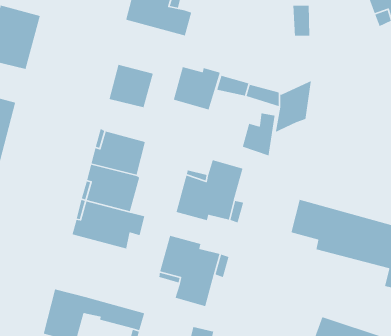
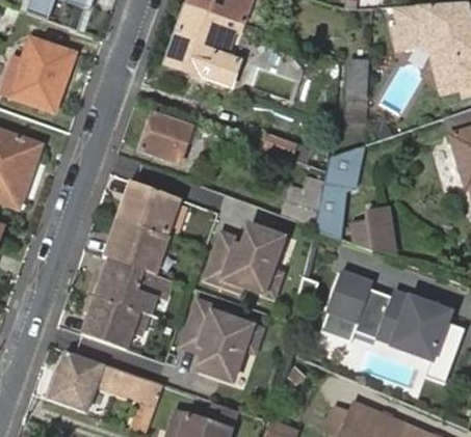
building: [173,66,221,111] -> none
building: none -> [313,191,345,240]
building: none -> [350,209,394,253]
building: none -> [81,294,149,350]

